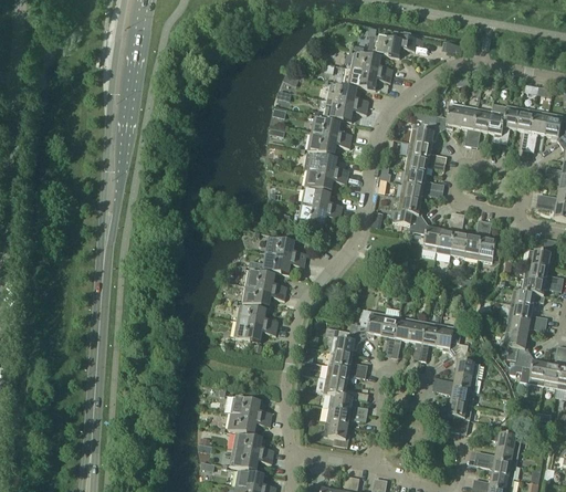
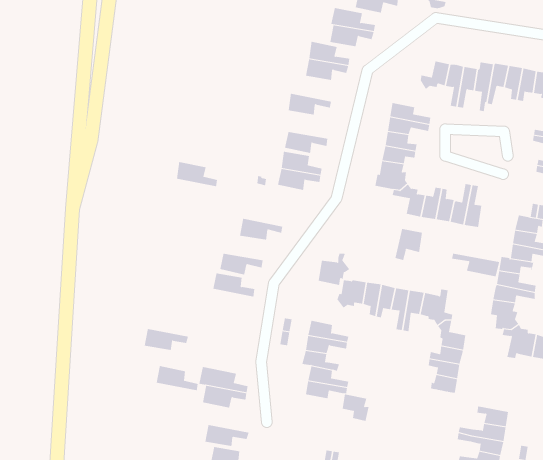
building: [408,114,440,146] -> none
building: [311,117,352,140] -> none
building: [303,151,348,176] -> none
building: [265,235,305,260] -> [176,161,218,187]
building: none -> [395,228,423,261]
building: [247,269,286,292] -> none
building: none -> [452,253,500,277]
building: [233,320,276,341] -> [144,328,189,350]
building: [331,323,361,354] -> [318,253,350,285]
building: [323,420,349,447] -> [342,394,370,422]
building: [232,432,273,457] -> [156,365,199,391]

